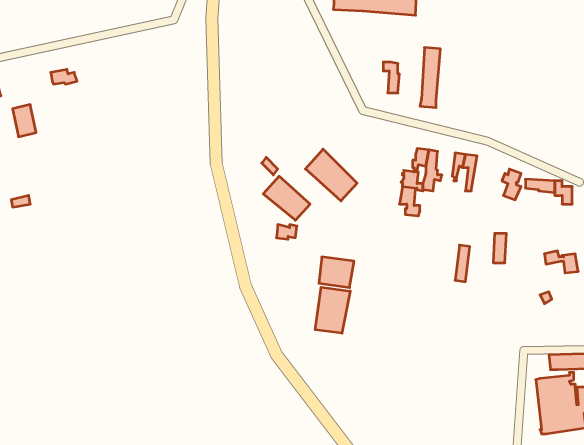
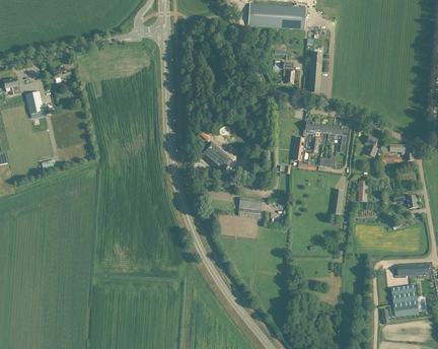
building: [305,149,357,201] -> none
building: [315,287,350,333] -> none

